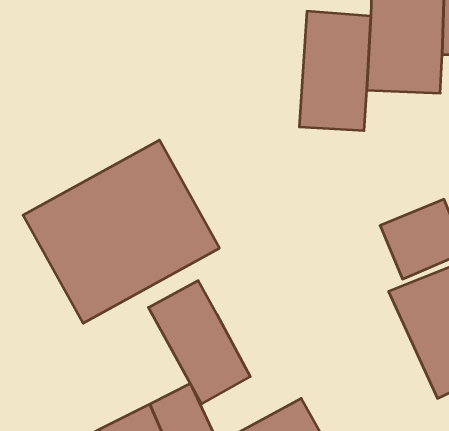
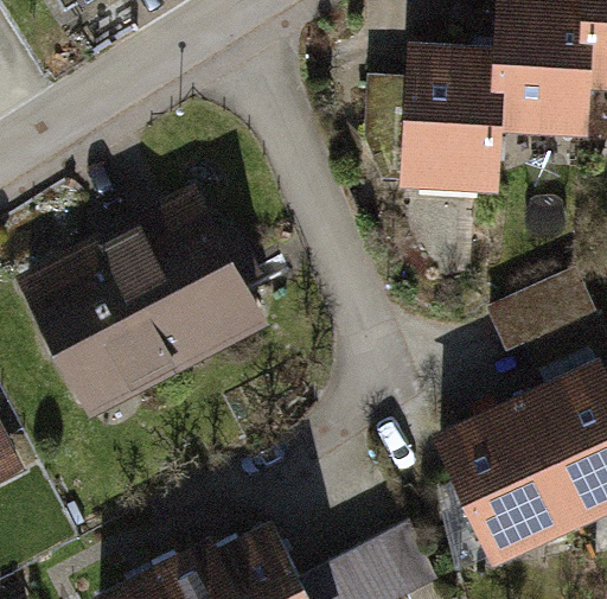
building: [148,281,250,404] -> none
building: none -> [428,391,573,559]

